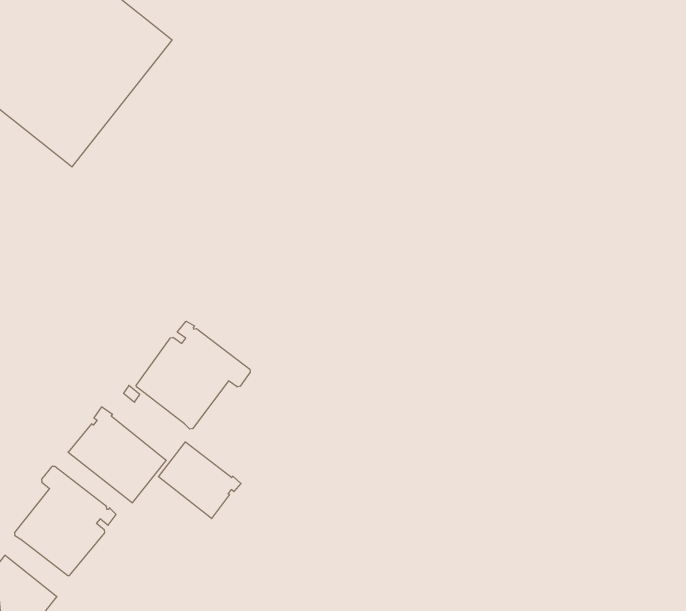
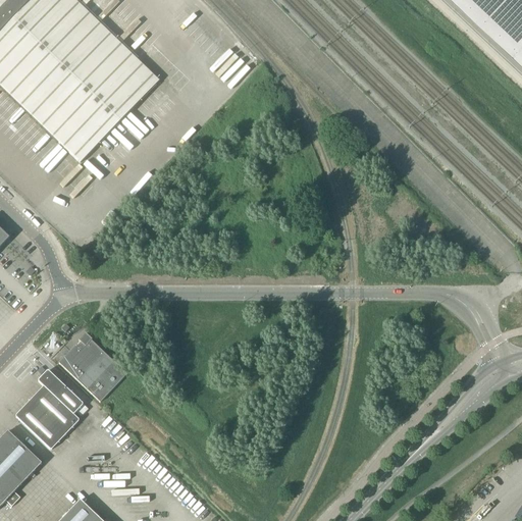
building: [136,321,250,429] -> none
building: [158,442,241,519] -> none

